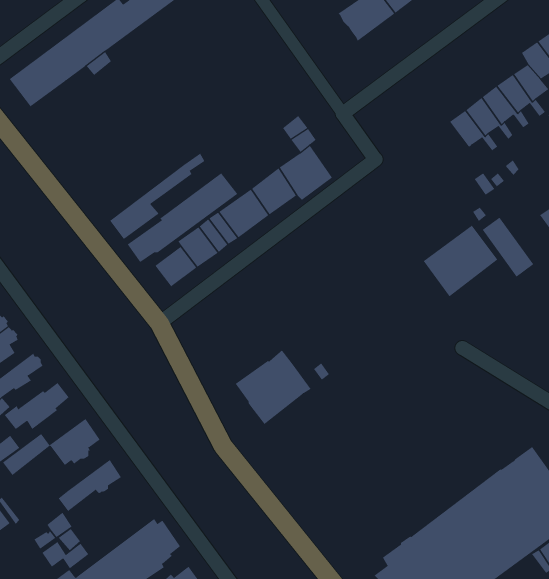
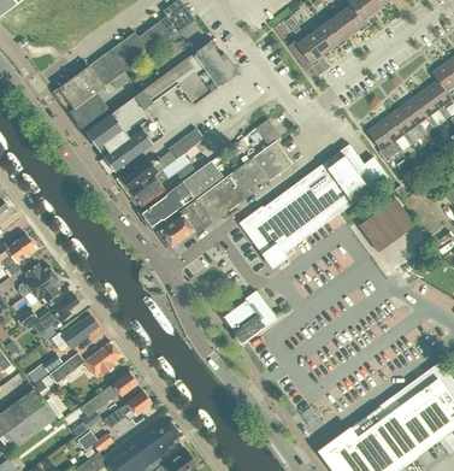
building: none -> [86,40,237,172]
building: none -> [70,93,108,128]
building: none -> [366,123,402,161]
building: none -> [117,128,204,195]
building: none -> [246,145,388,263]
building: none -> [104,390,153,426]

